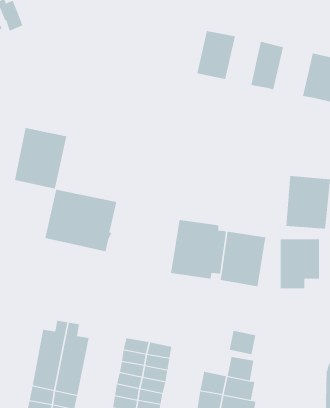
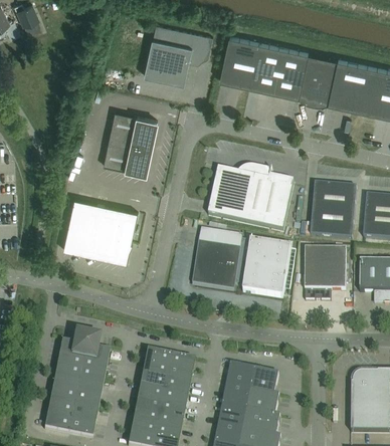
building: none -> [144,20,213,80]
building: none -> [249,38,284,88]
building: none -> [291,49,338,107]
building: [14,127,67,189] -> [104,107,158,171]
building: none -> [208,164,295,229]
building: [229,330,256,355] -> [226,362,254,387]

